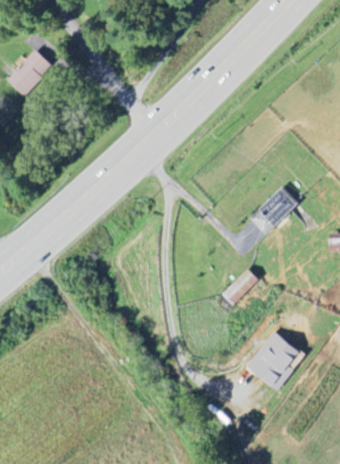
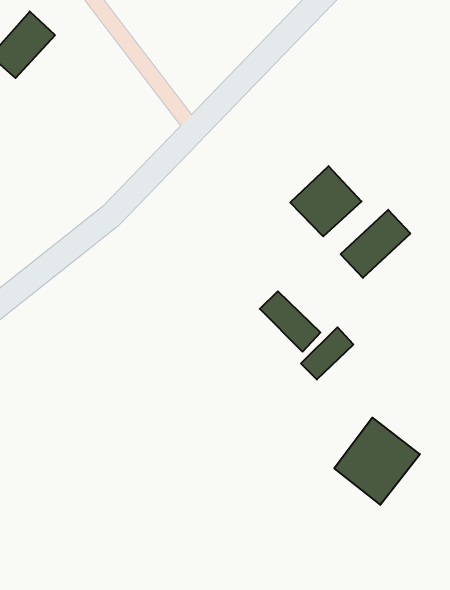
building: none -> [290,166,362,236]
building: none -> [260,291,320,352]

